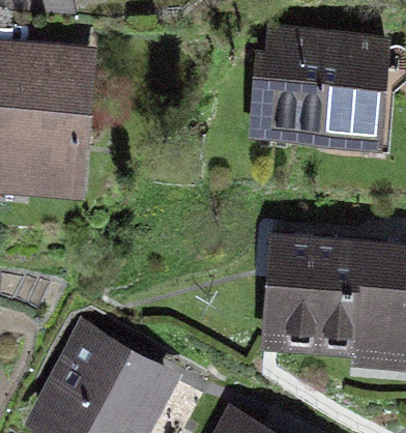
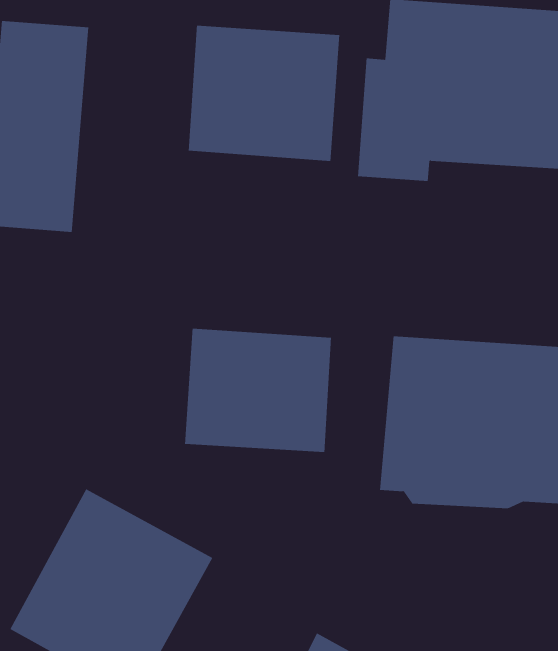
building: none -> [188,25,340,162]
building: none -> [185,328,331,453]

